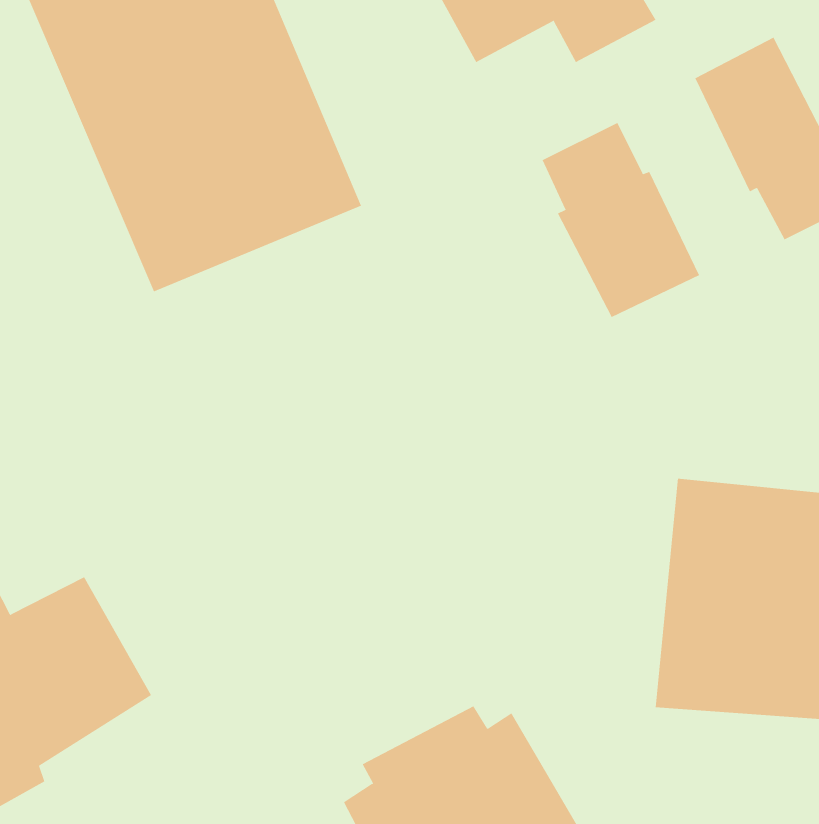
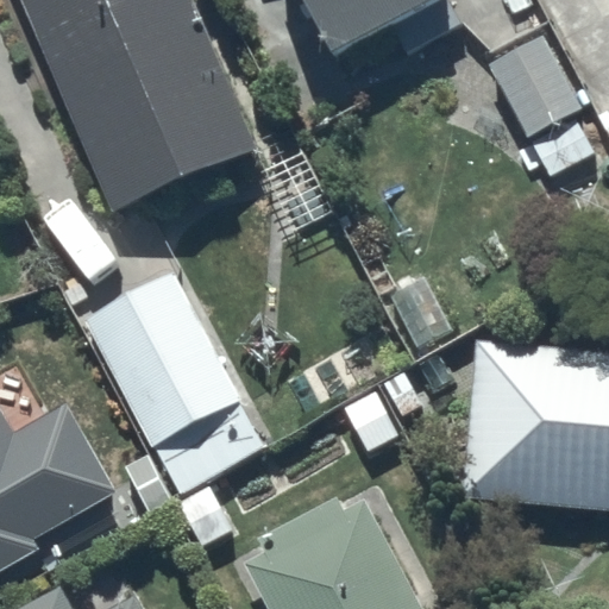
building: [542,122,700,318] -> none
building: none -> [83,266,268,494]

